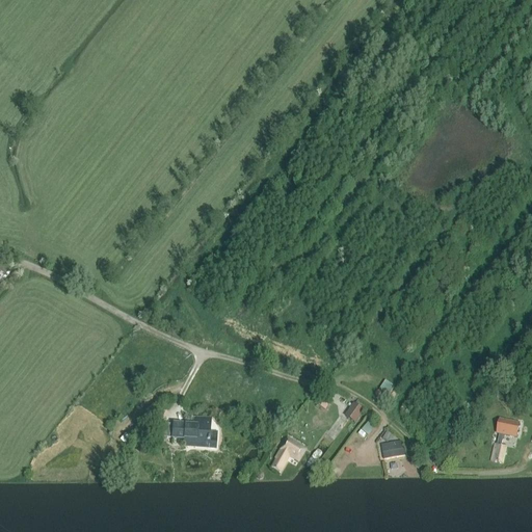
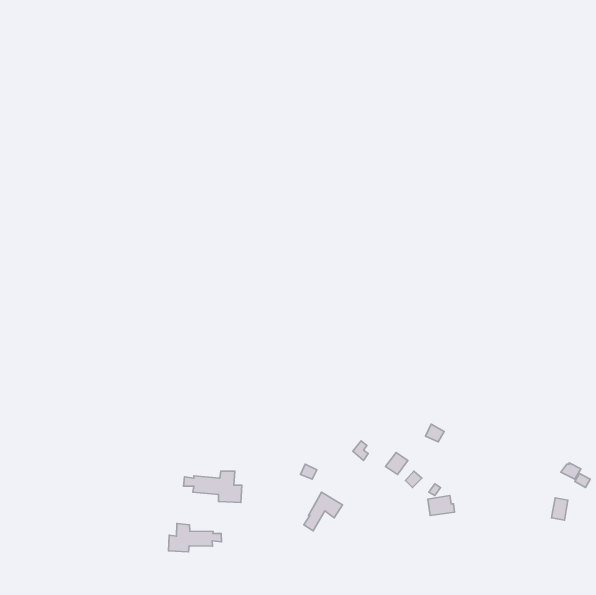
building: none -> [169,524,221,552]

